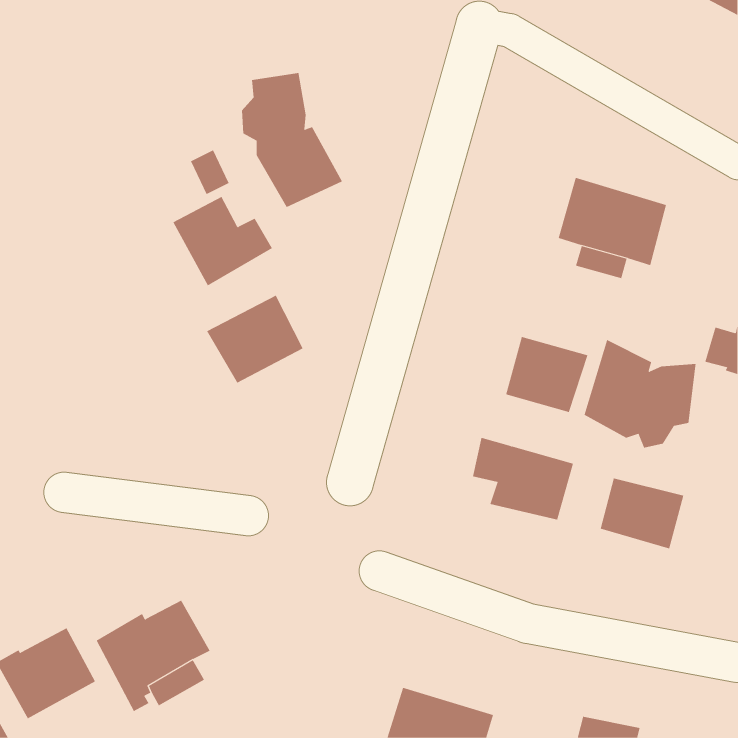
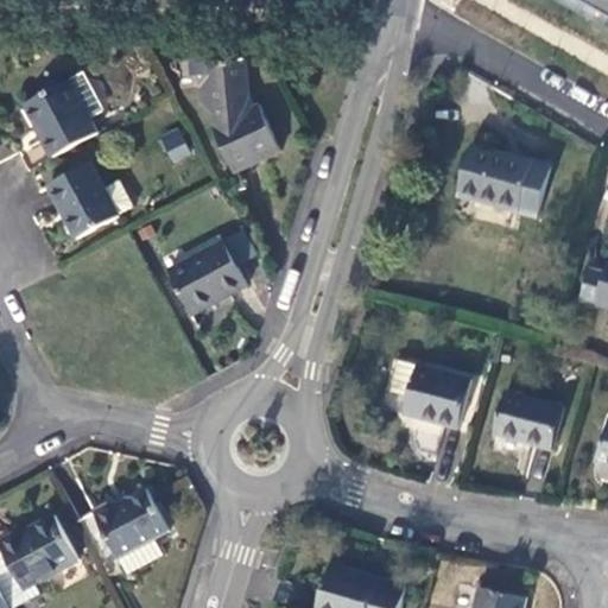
building: none -> [26,81,97,157]
building: [172,196,273,286] -> [52,164,134,238]
building: [505,336,588,413] -> none
building: [584,339,696,449] -> none

